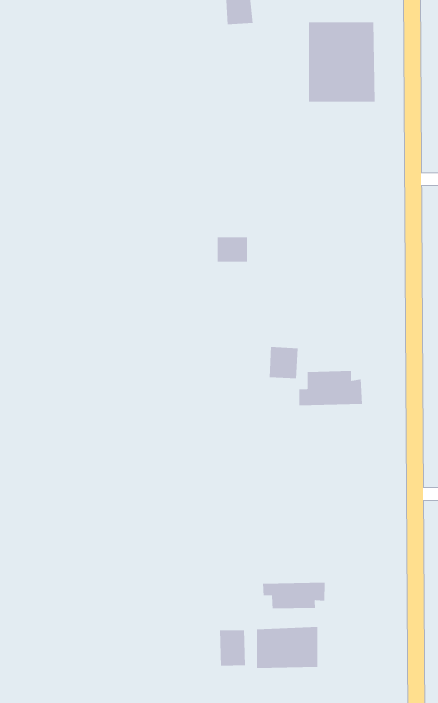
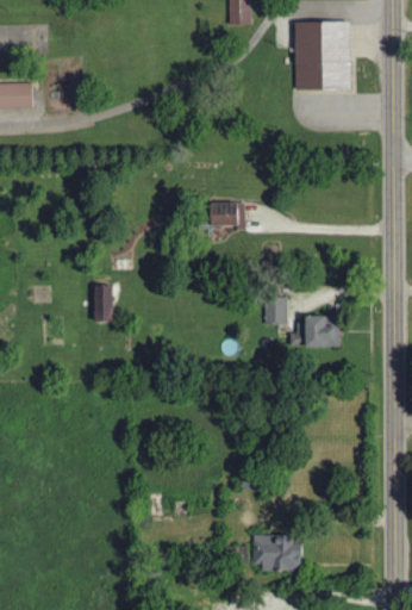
building: none -> [95,285,116,320]
building: [263,582,325,609] -> none
building: [219,629,245,666] -> none

